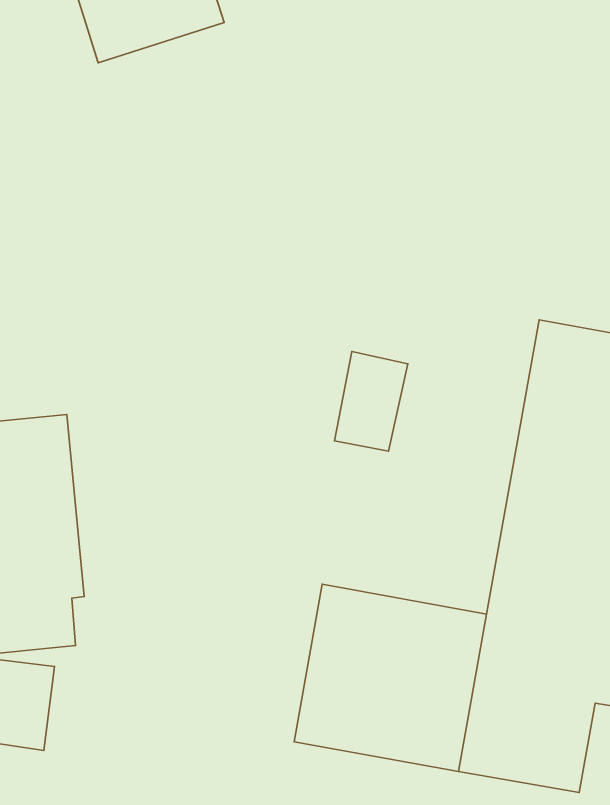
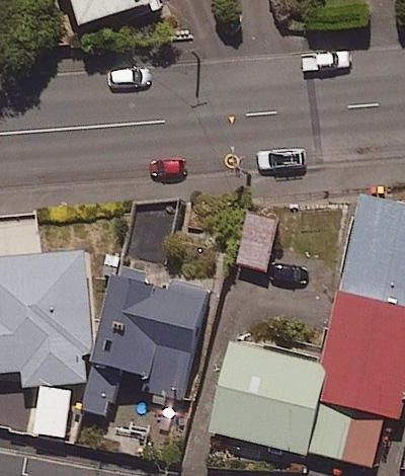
building: none -> [78,266,207,417]

